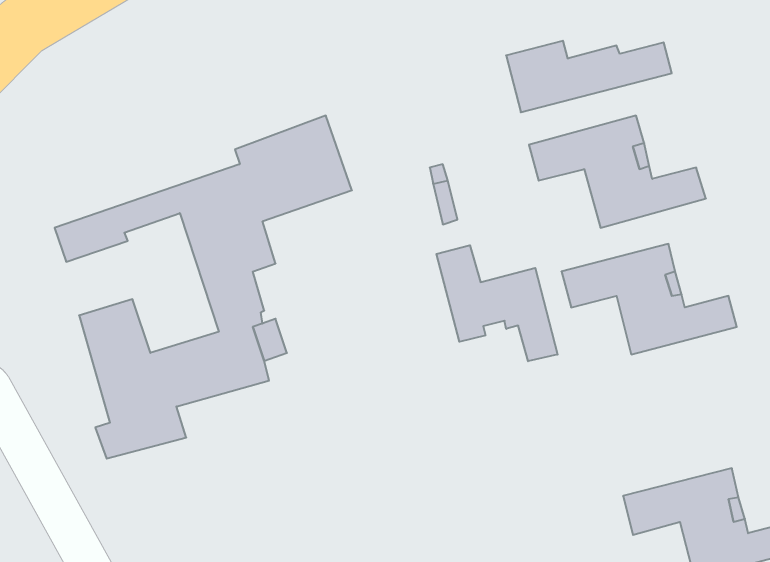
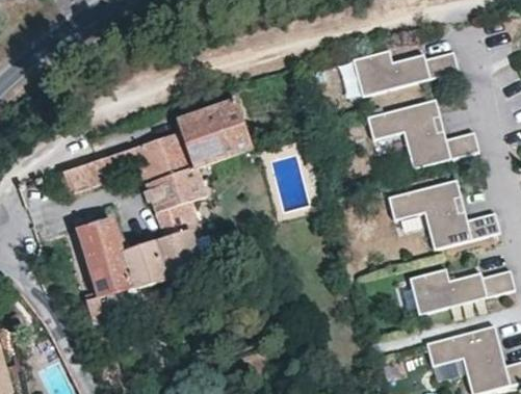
building: [436,245,558,361] -> none
building: none -> [408,269,514,315]

